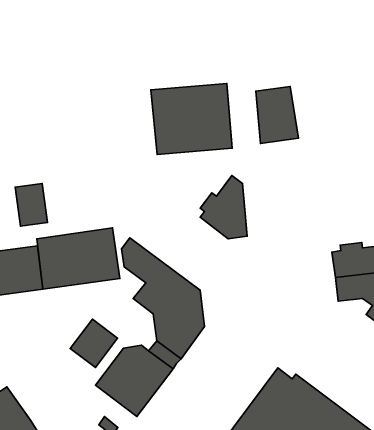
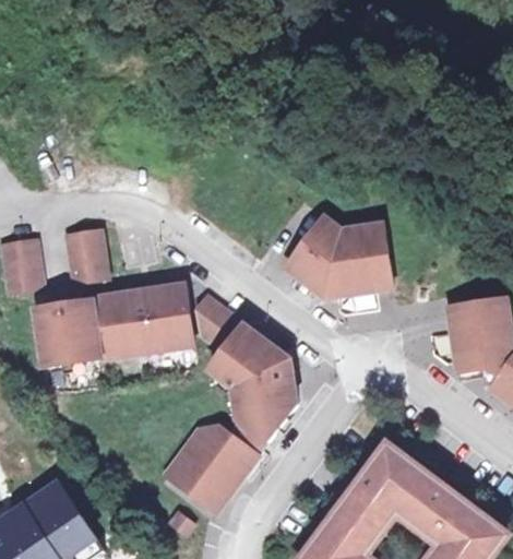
building: [151,83,232,155] -> none
building: [256,87,298,144] -> [342,225,393,294]
building: [70,319,118,367] -> none

